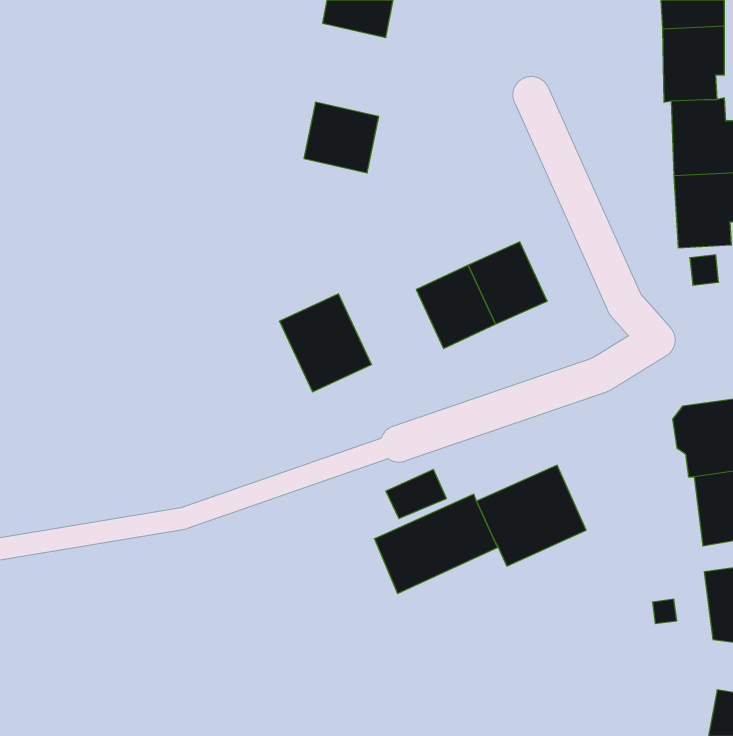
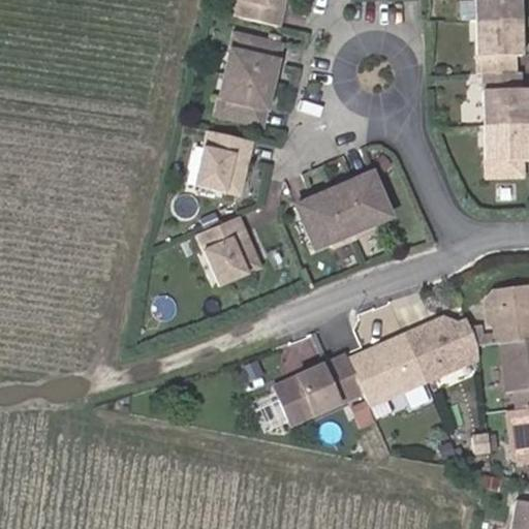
building: none -> [228,34,283,84]
building: none -> [199,128,257,193]
building: none -> [402,316,476,380]

